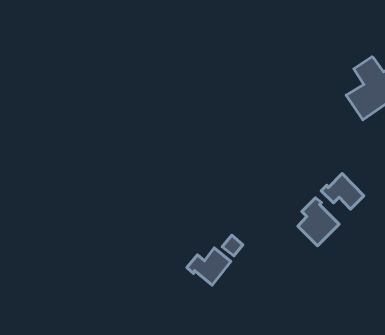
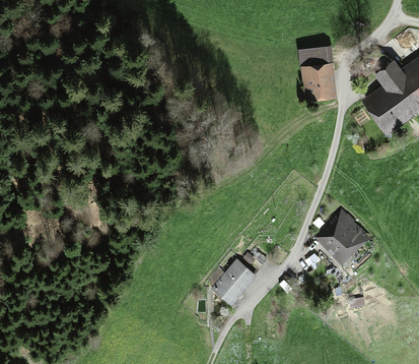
building: none -> [301,50,331,98]
building: [321,174,364,209] -> none

